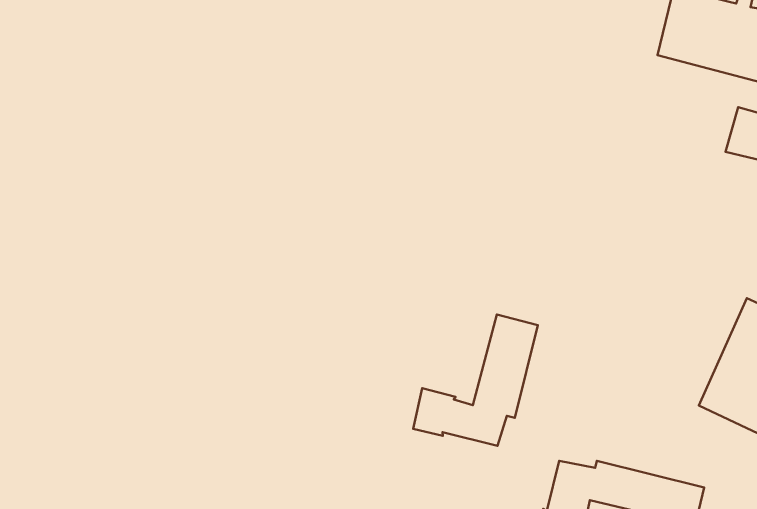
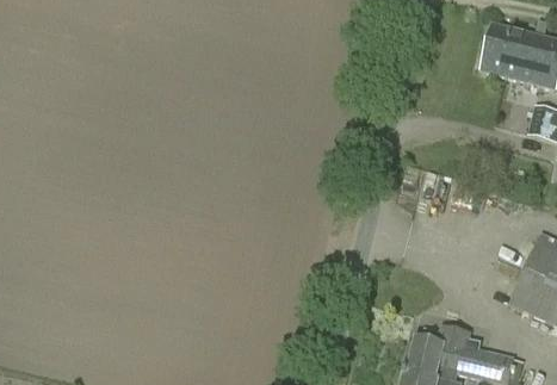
building: [413,315,538,446] -> none

